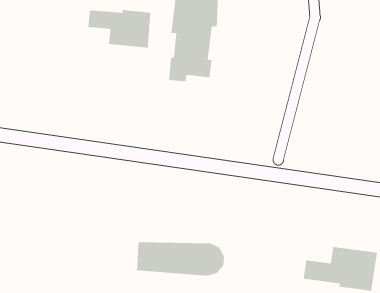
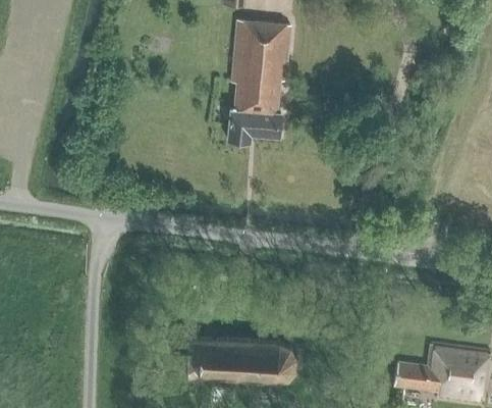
building: [87,9,151,48] -> none

